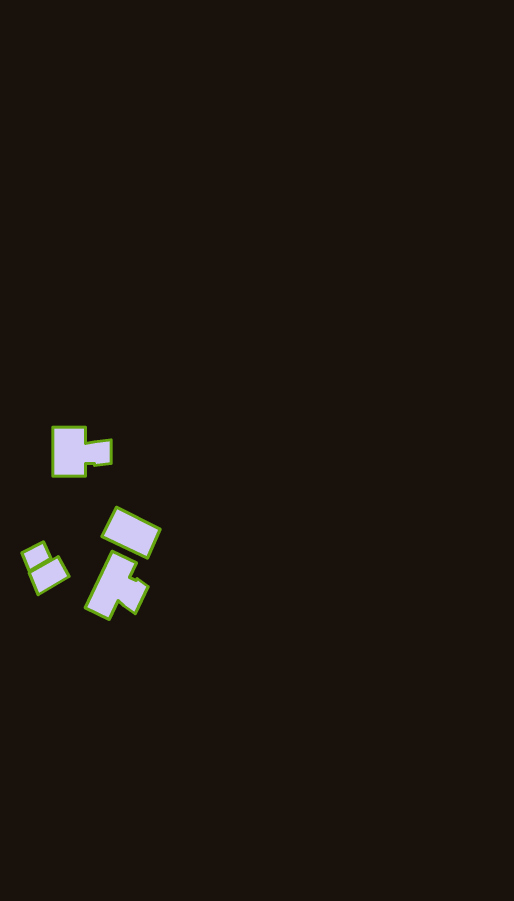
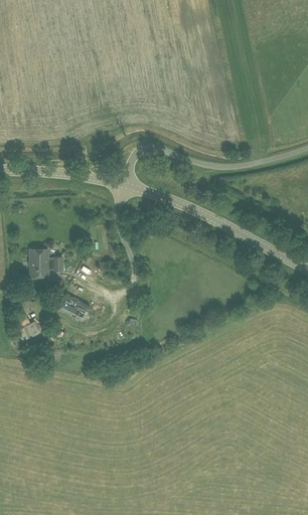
building: [85,551,148,619] -> none

